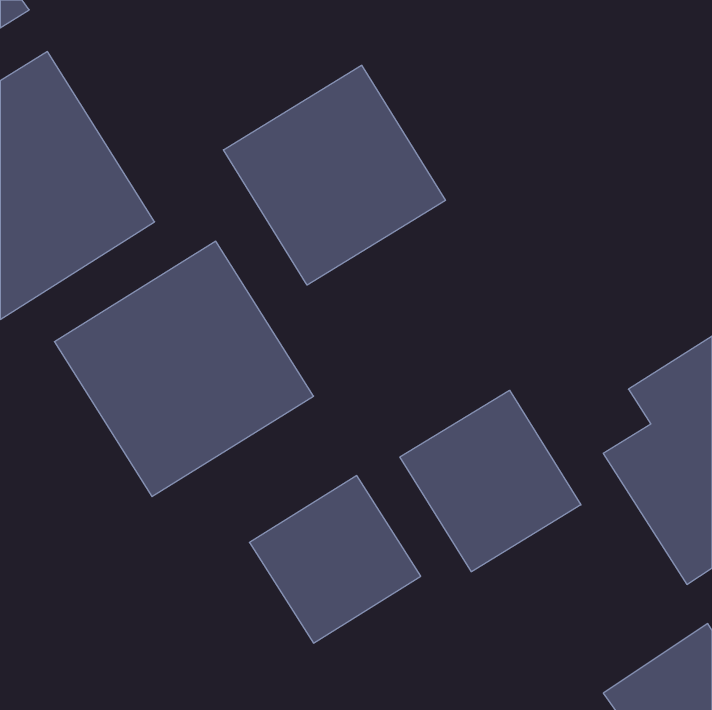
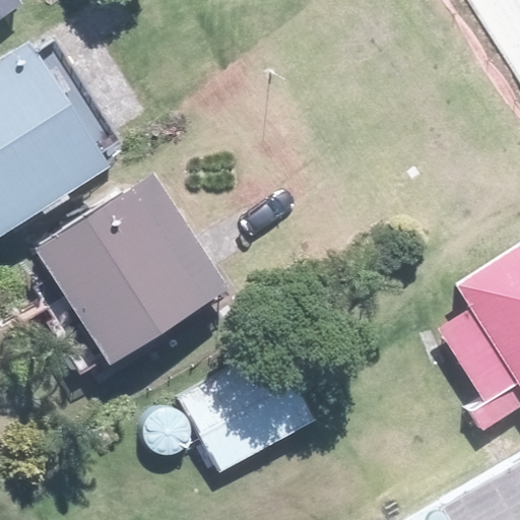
building: [223,65,445,285] -> none
building: [400,390,581,572] -> none

